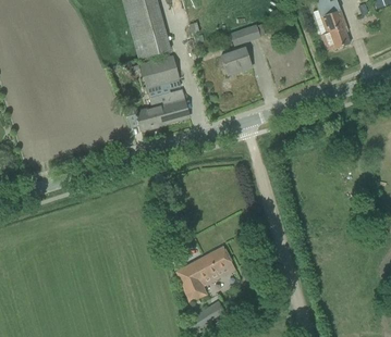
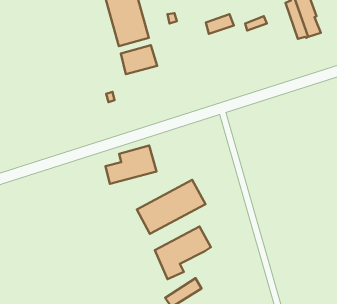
building: [221,48,252,75] -> none
building: [136,90,190,130] -> [106,145,156,184]
building: none -> [137,180,205,234]

